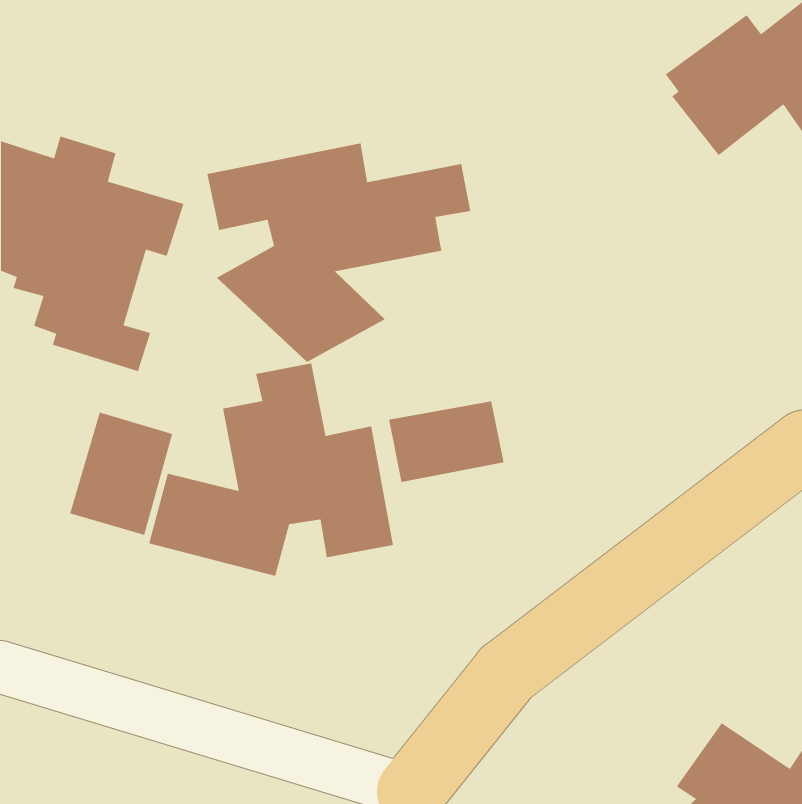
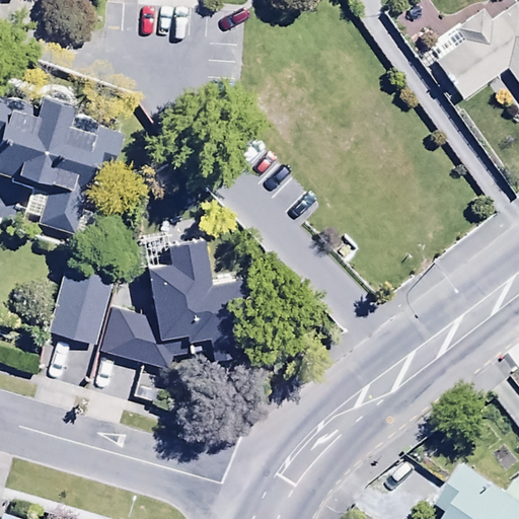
building: [207,142,471,363] -> none
building: [388,400,504,483] -> none

